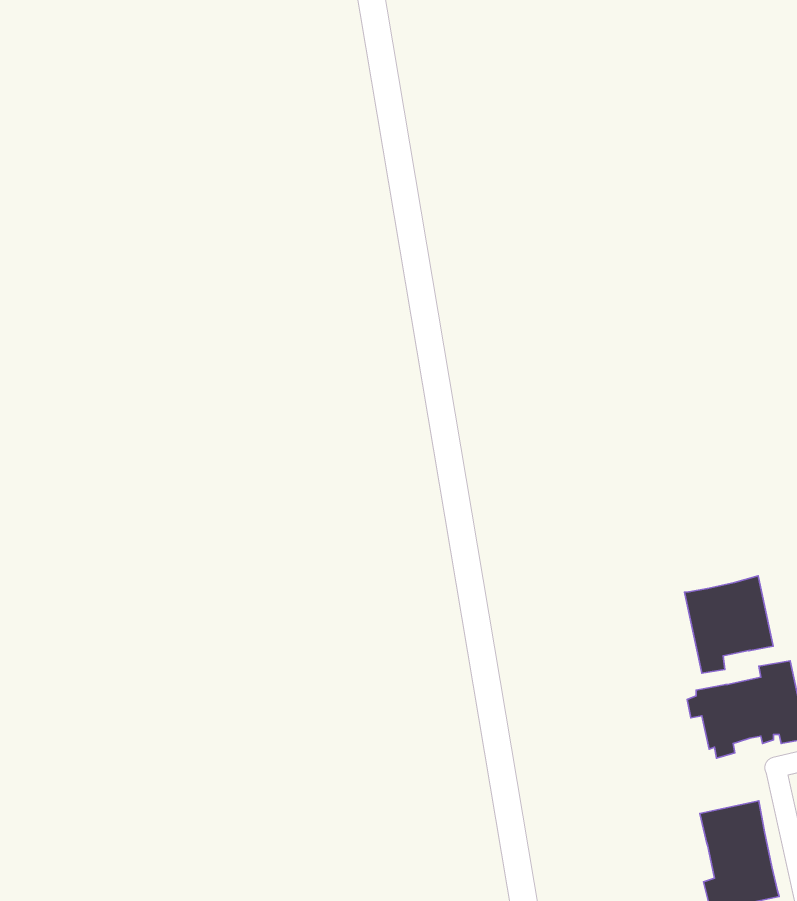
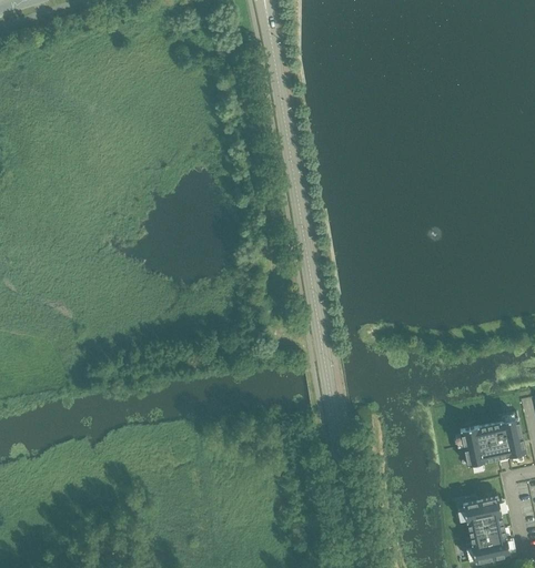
building: [684,576,773,673] -> none

